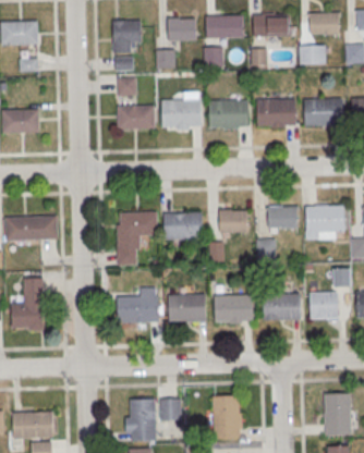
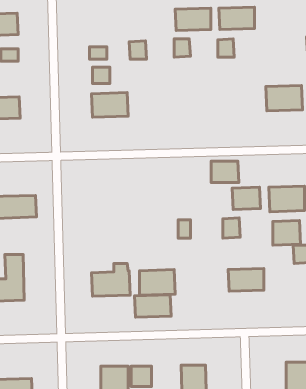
building: [310,13,340,36] -> none
building: [167,19,195,40] -> none
building: [112,20,142,52] -> none
building: [300,46,326,65] -> none
building: [256,99,294,126] -> none
building: [162,100,201,126] -> none
building: [209,101,247,127] -> none
building: [219,210,248,233] -> [211,161,239,183]
building: [117,212,158,266] -> none
building: [163,212,202,240] -> none
building: [310,293,339,319] -> [273,221,300,245]
building: [214,295,253,319] -> [135,295,171,317]

